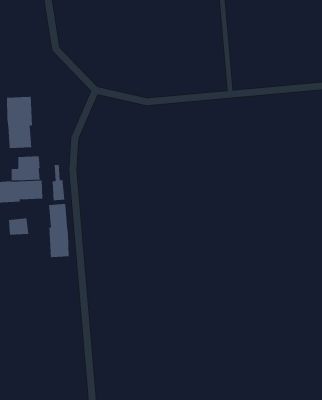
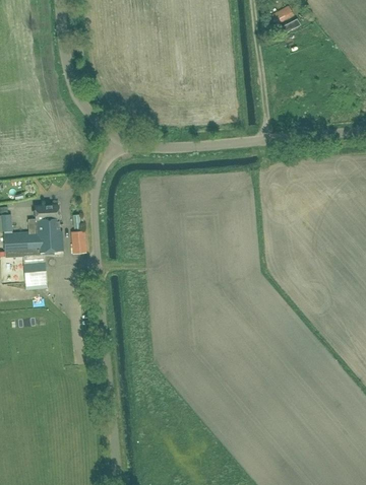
building: [7,96,33,149] -> none
building: [49,203,69,258] -> none

